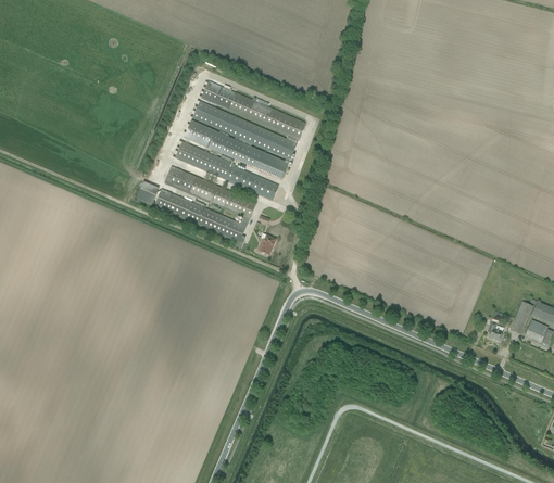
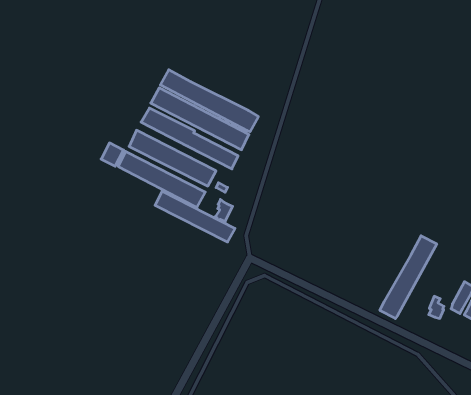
building: [201,80,305,142] -> none
building: none -> [155,191,235,242]
building: none -> [380,236,437,319]

